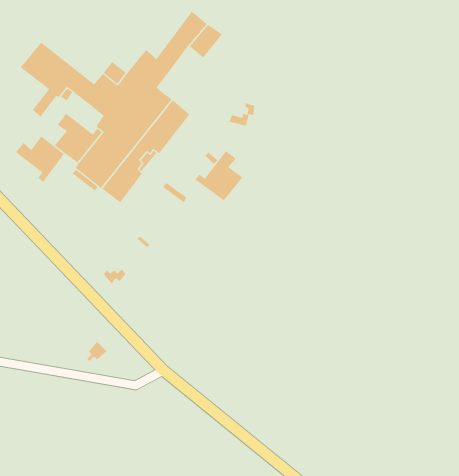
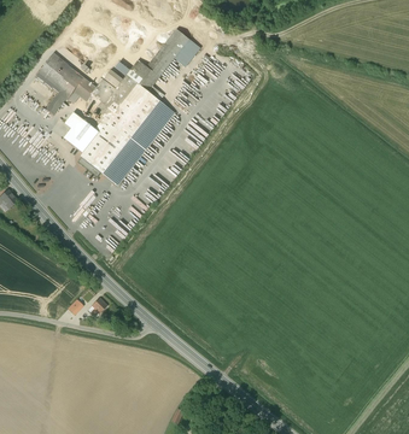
building: [15,135,64,183] -> none
building: [195,150,243,201] -> none

